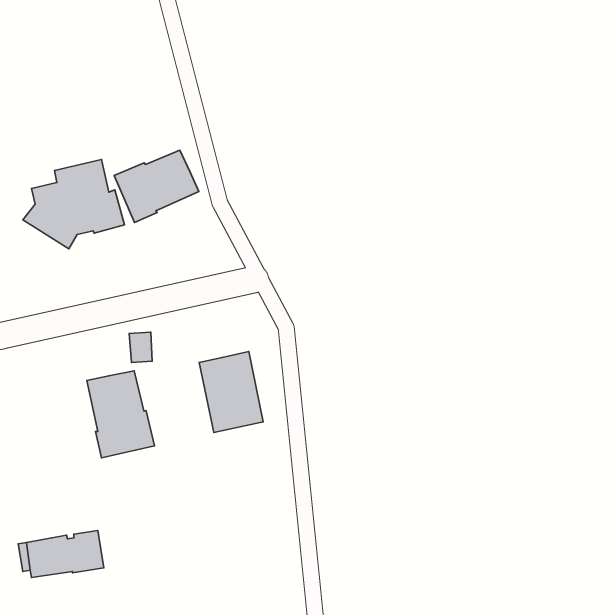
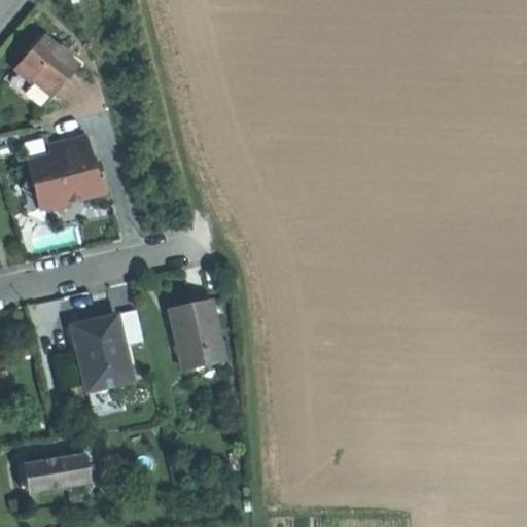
building: none -> [15,34,79,97]
building: [114,150,199,222] -> none

